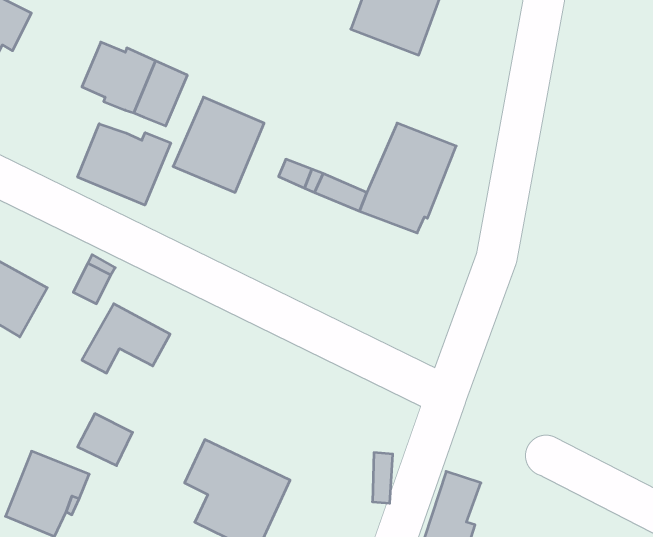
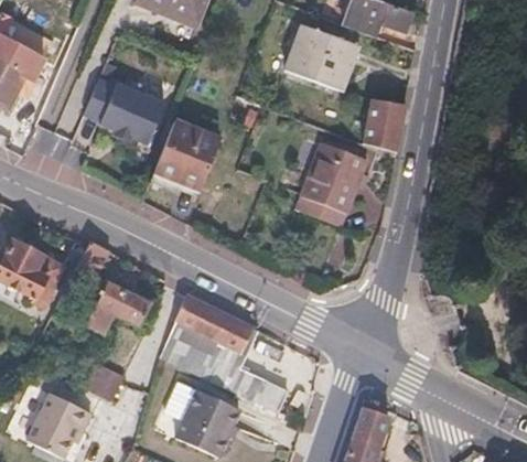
building: none -> [365,96,407,150]
building: [78,124,171,205] -> none
building: none -> [160,297,286,411]

